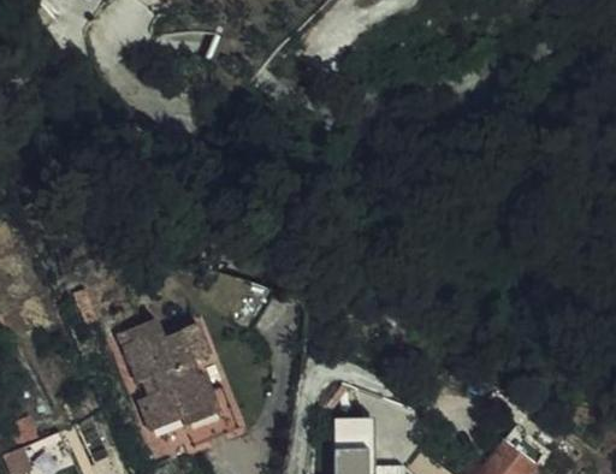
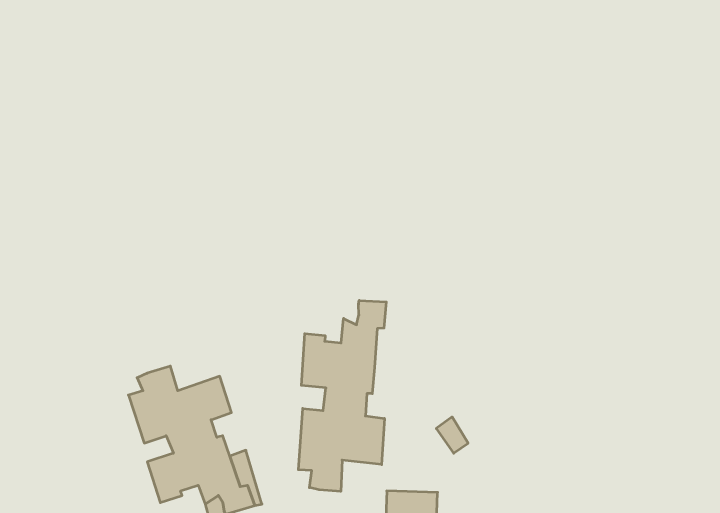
building: none -> [298,300,386,491]

